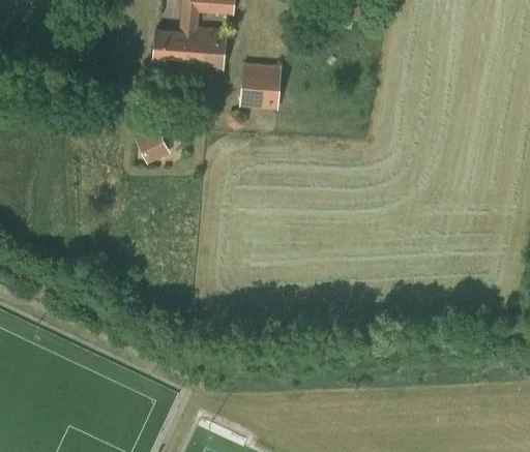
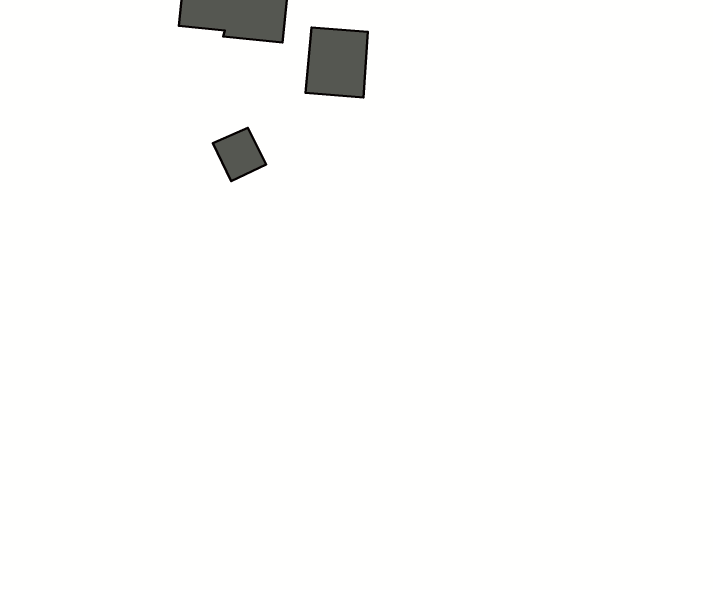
building: [134,126,170,162] -> [213,128,266,181]

